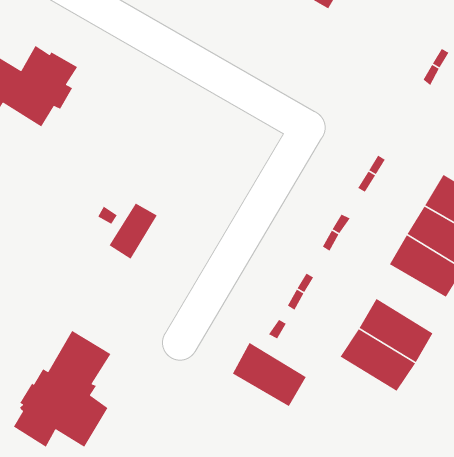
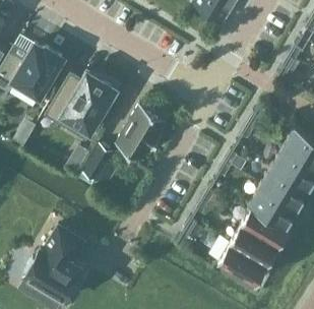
building: none -> [48,72,115,130]
building: none -> [116,104,167,160]
building: none -> [249,183,298,227]
building: [232,342,307,407] -> [218,242,266,284]

